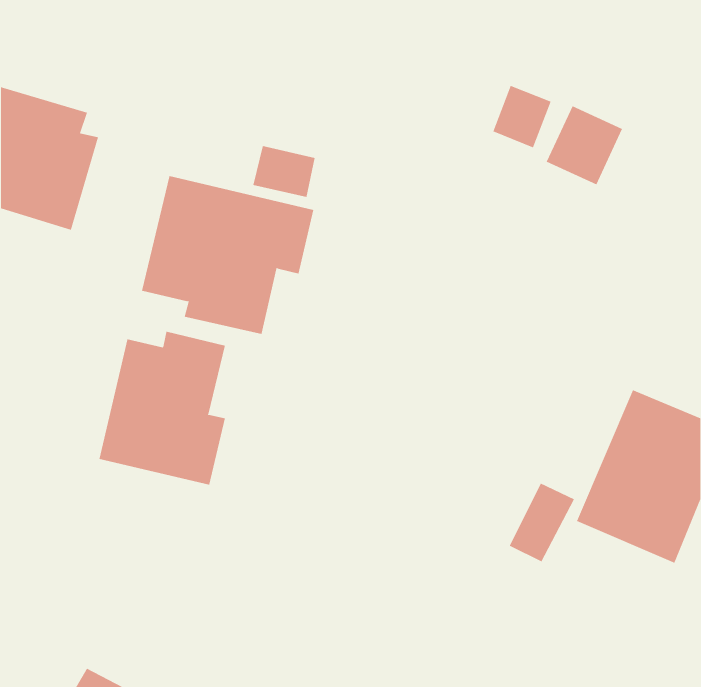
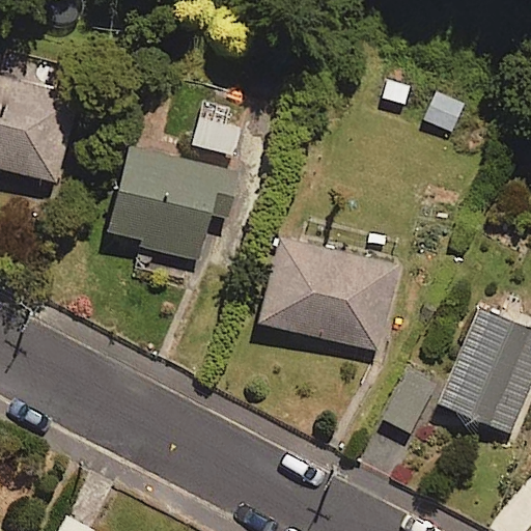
building: none -> [258,235,399,354]
building: [99,331,226,486] -> none

